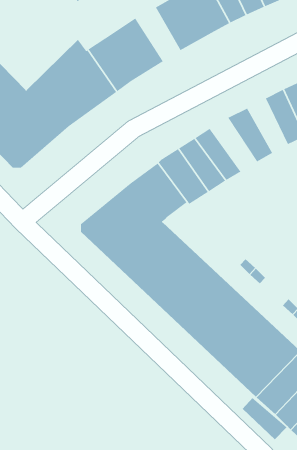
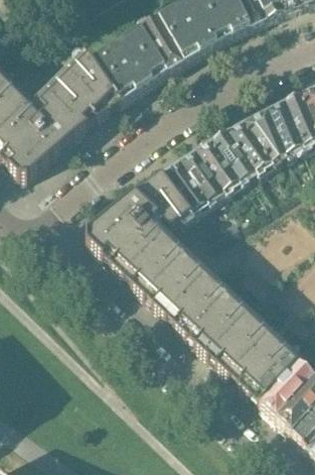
building: none -> [137,17,183,71]
building: none -> [250,107,289,161]
building: none -> [212,126,259,180]
building: [242,397,287,440] -> none

